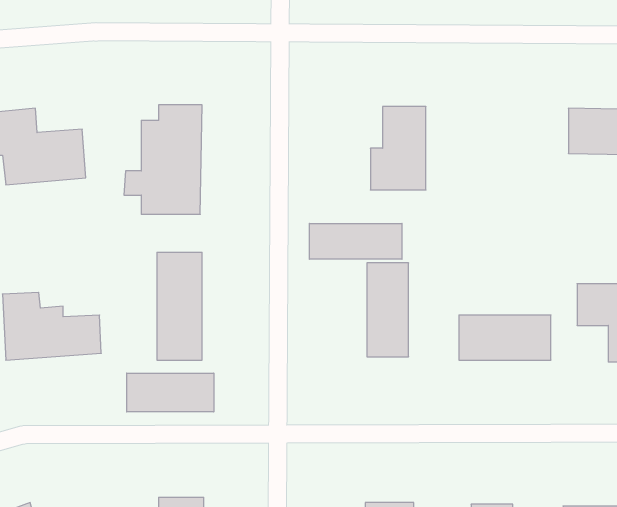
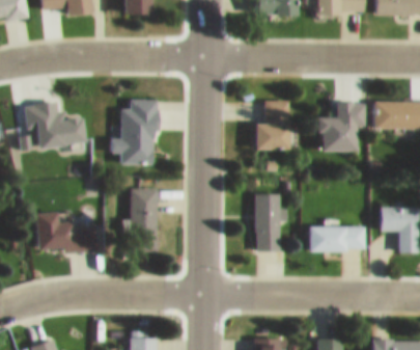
building: none -> [320,102,364,151]
building: [309,223,402,259] -> none
building: [127,373,214,412] -> none

